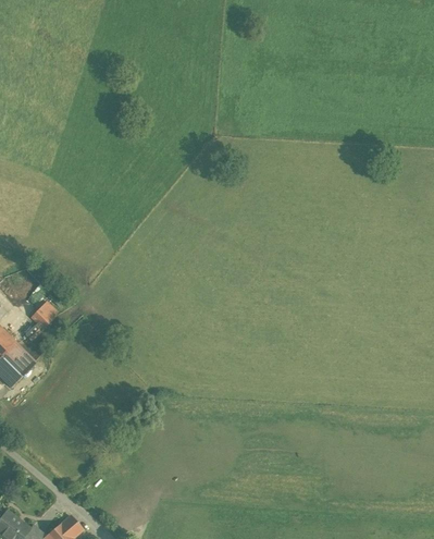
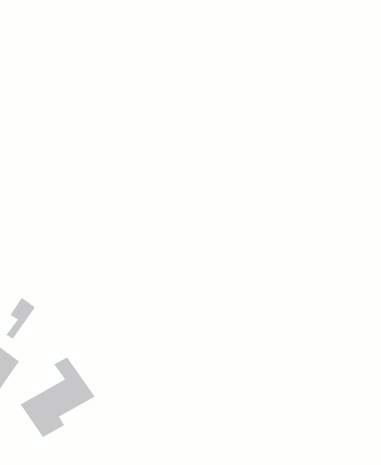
building: none -> [20,357,95,438]

